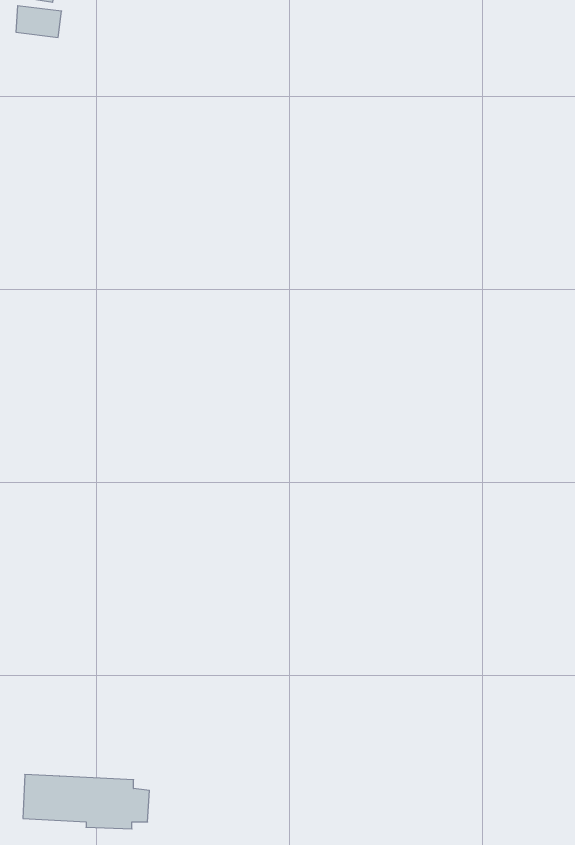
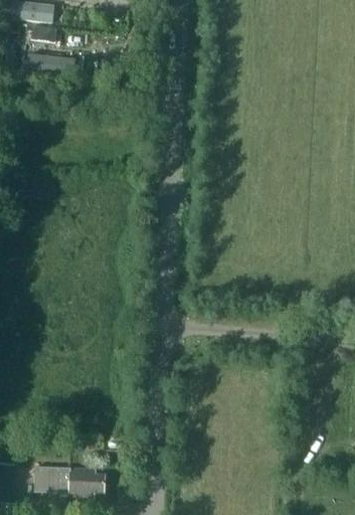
building: none -> [27,53,75,75]

